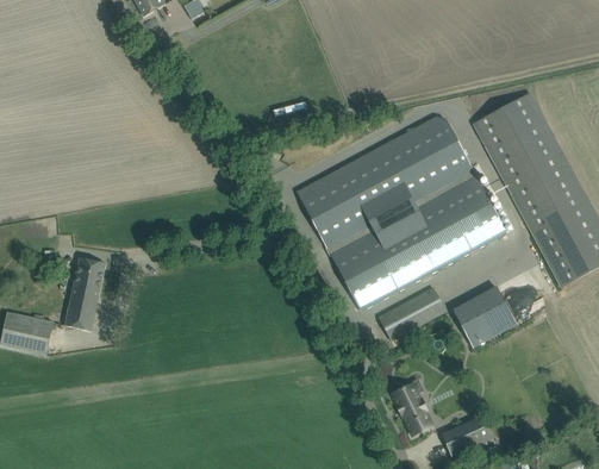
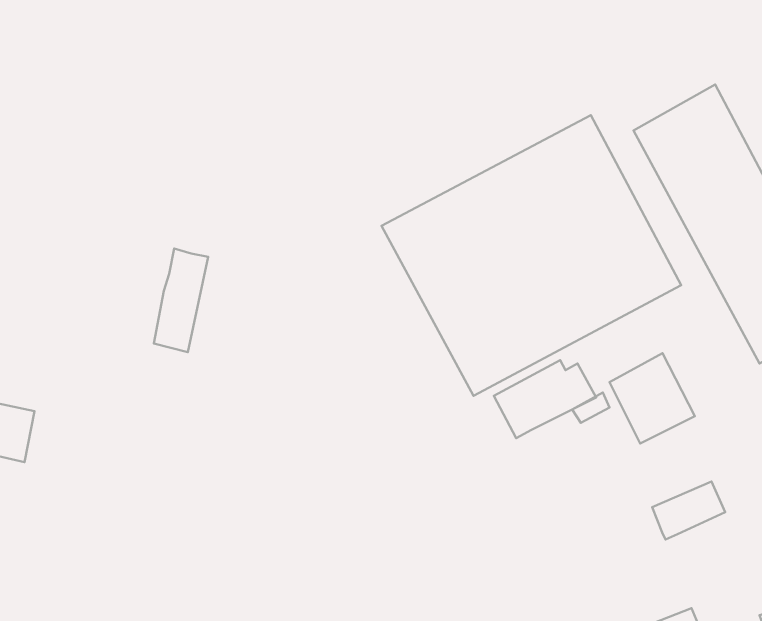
building: [65,257,104,330] -> [154,248,208,352]
building: [392,383,430,433] -> none
building: [441,415,492,456] -> [652,482,725,539]

